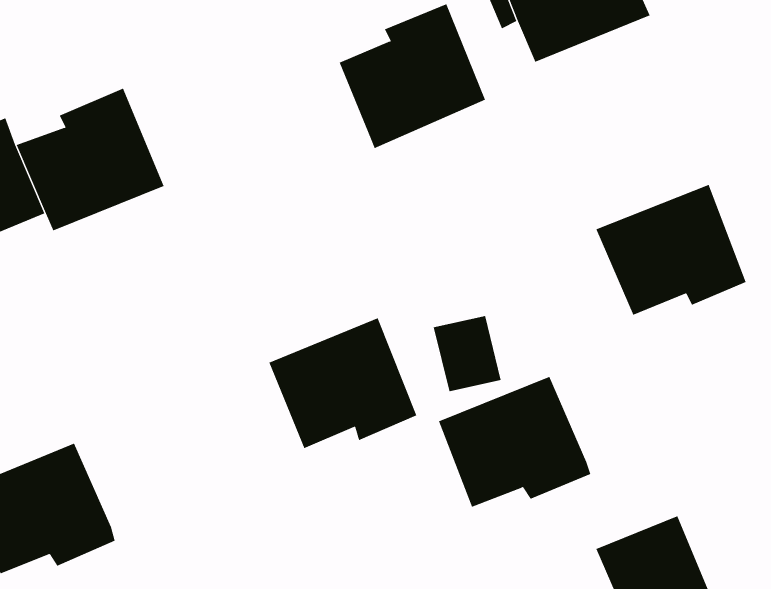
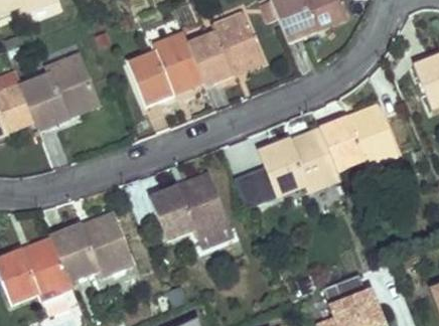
building: none -> [129,29,203,104]
building: [438,376,591,507] -> [262,127,340,194]
building: none -> [51,212,130,280]

